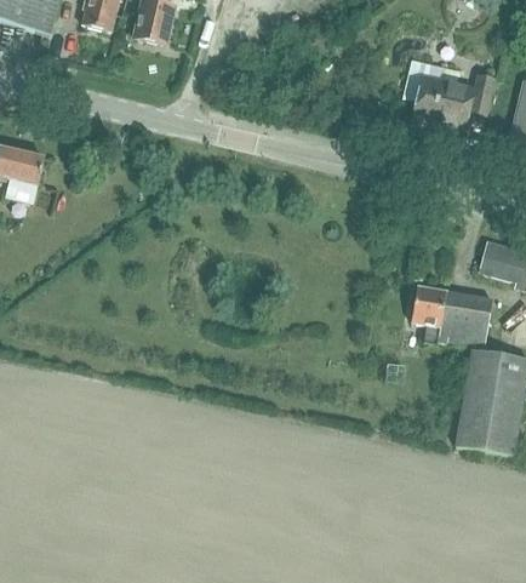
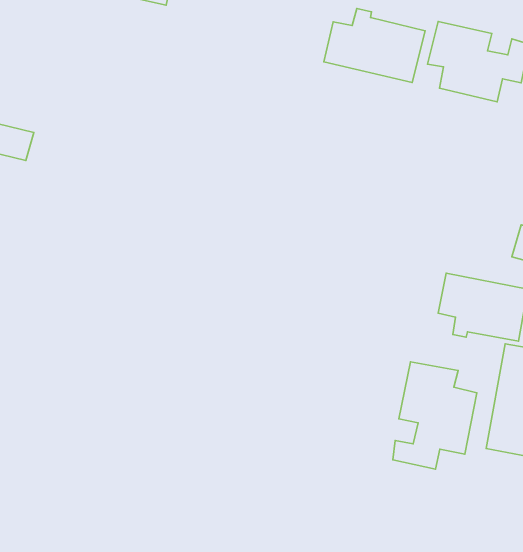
building: none -> [324,9,425,82]
building: none -> [393,362,477,469]

